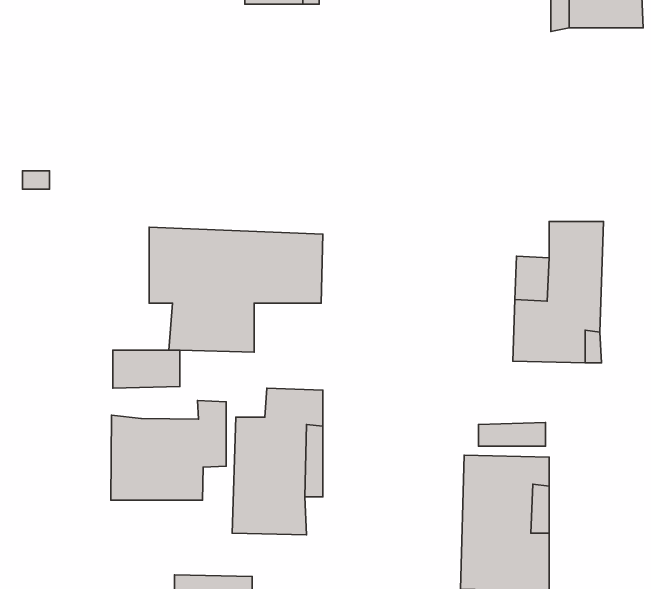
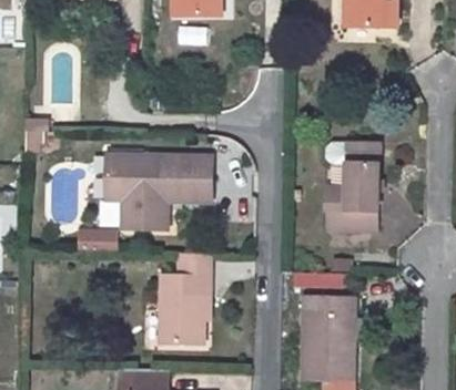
building: [111,400,226,500] -> none

